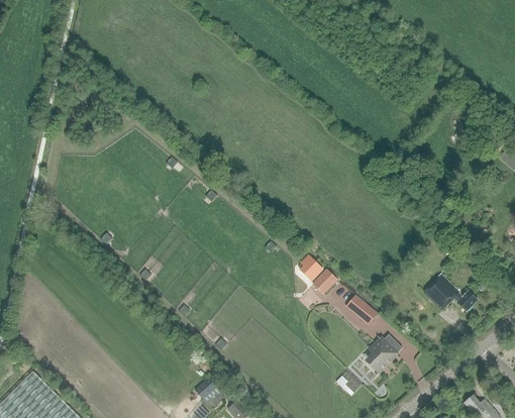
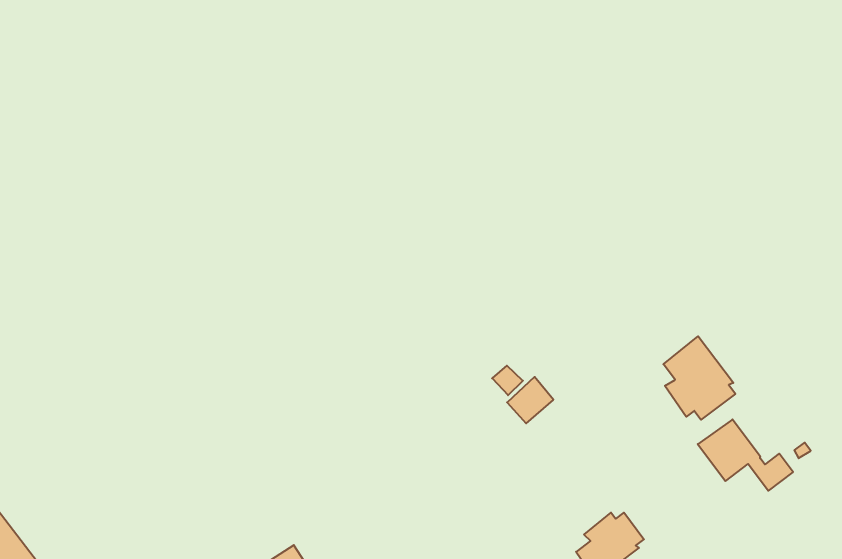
building: none -> [663,336,735,420]
building: [345,296,378,326] -> none

